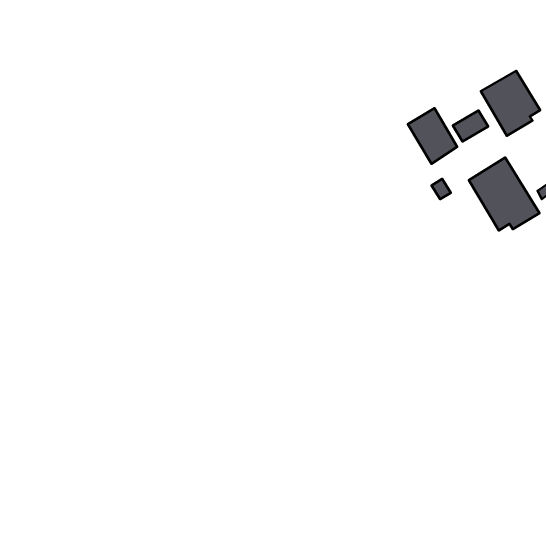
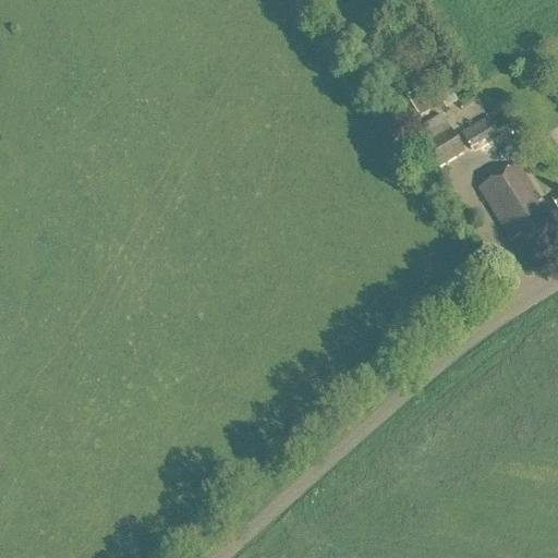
building: [481,71,540,136] -> none

